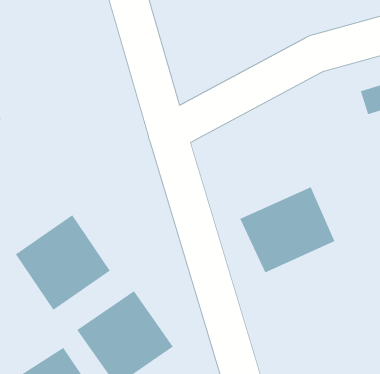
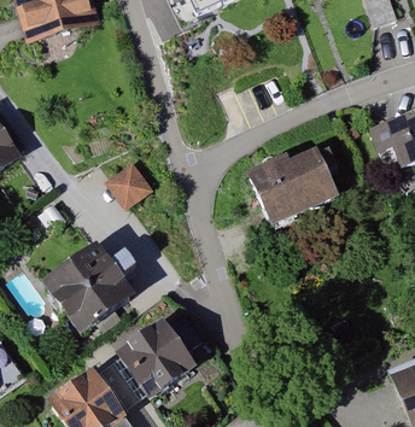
building: none -> [106,159,153,206]
building: [239,186,335,274] -> [247,147,338,229]

